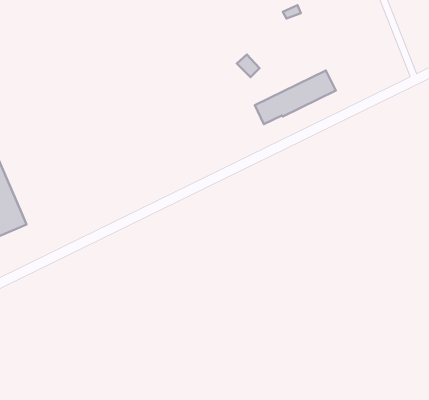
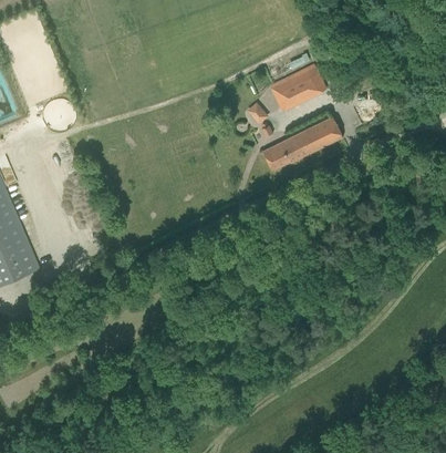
building: none -> [271,64,328,110]

